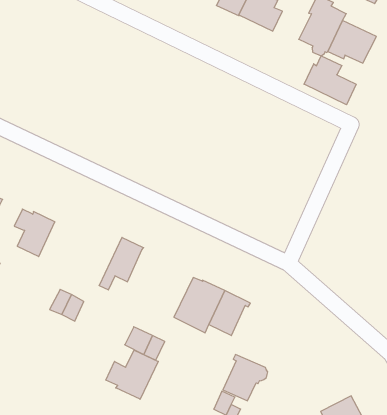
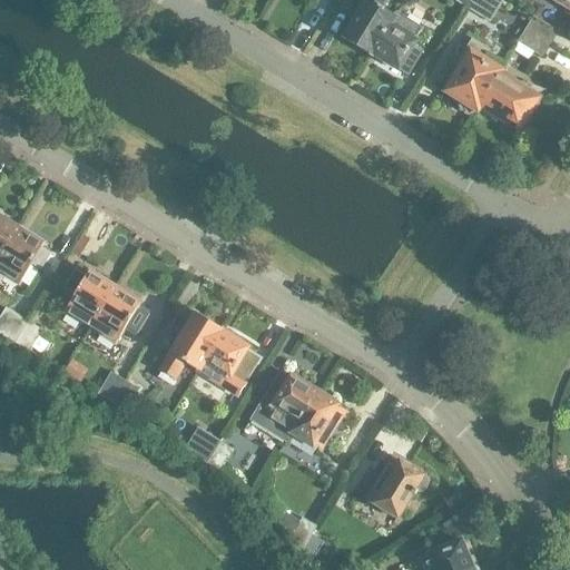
building: [304,56,356,105] -> none
building: none -> [90,285,148,342]
building: none -> [197,331,255,384]
building: [106,350,158,399] -> none
building: [223,355,268,401] -> [370,455,428,514]

